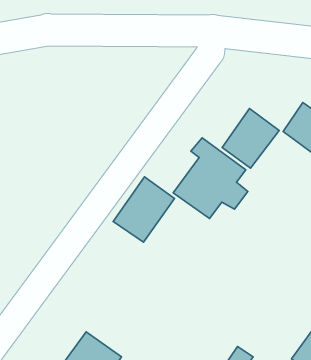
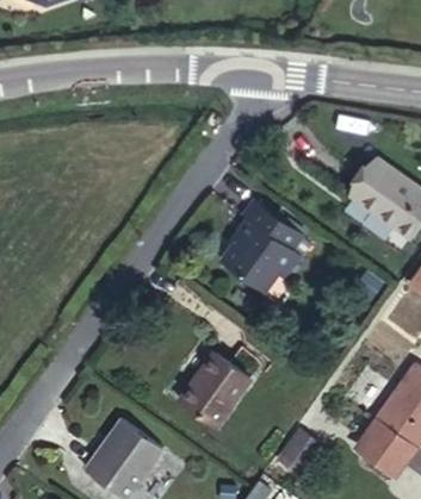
building: [222,109,279,168] -> none
building: [113,177,174,242] -> [179,348,249,423]

